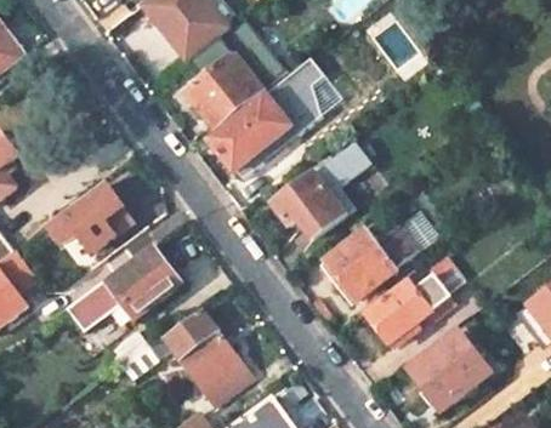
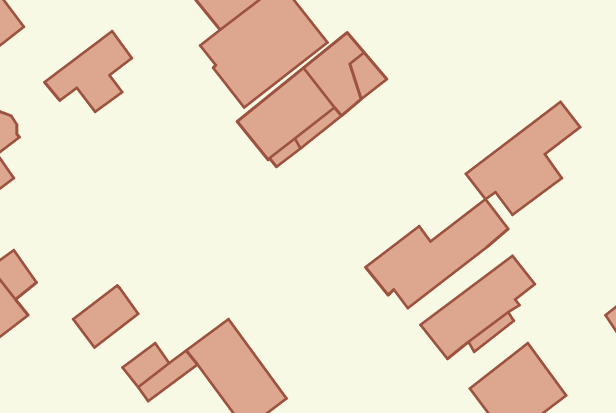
building: [271,142,369,239] -> [466,102,580,215]
building: [46,183,121,252] -> [44,31,132,112]
building: [106,247,180,319] -> none

